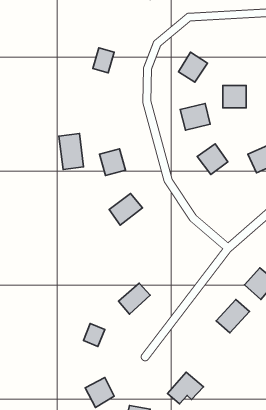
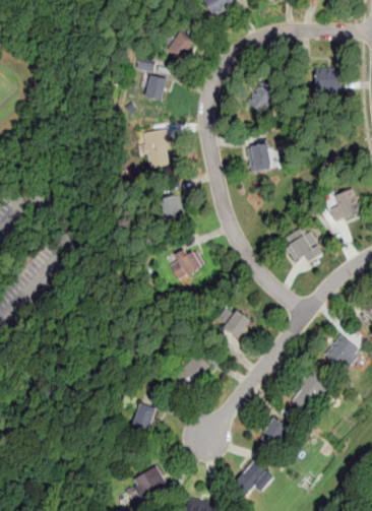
building: none -> [166,31,194,61]
building: [223,86,246,108] -> [314,67,342,93]
building: [59,134,84,170] -> [141,128,171,171]
building: [197,144,228,175] -> [282,227,318,263]
building: none -> [221,308,251,338]
building: none -> [259,416,289,447]

